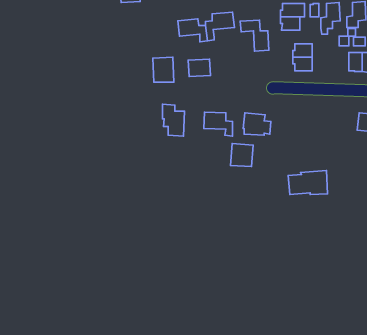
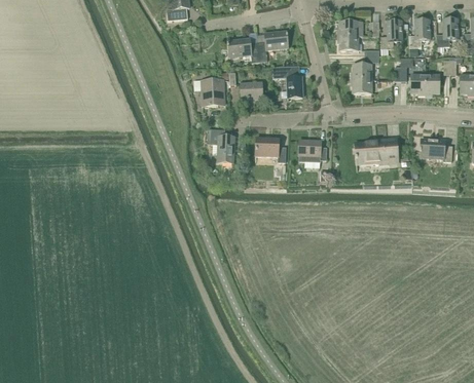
building: [240,20,269,51] -> [271,65,302,98]
building: [230,144,253,167] -> none
building: [288,171,327,195] -> [355,138,397,163]

